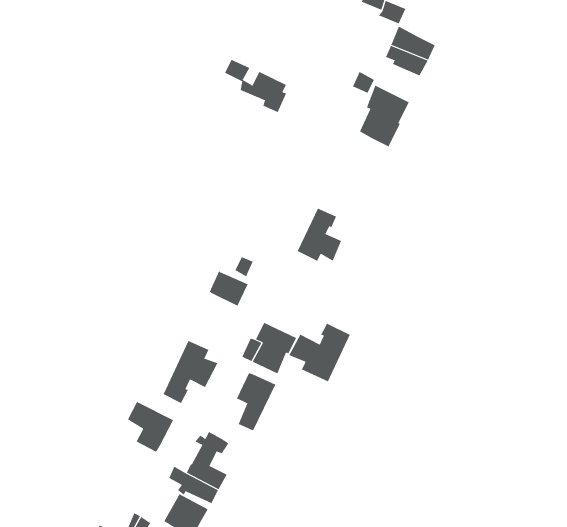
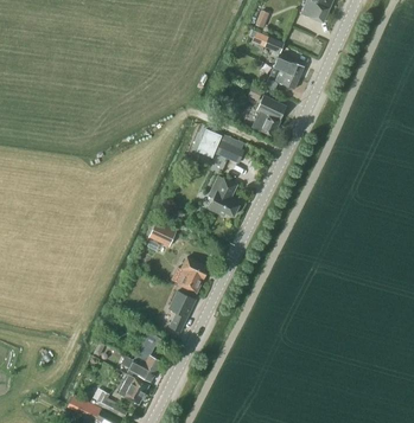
building: [224,59,287,113] -> [200,127,243,164]
building: [288,323,351,382] -> none
building: [163,340,218,404] -> none
building: [127,401,174,452] -> none

